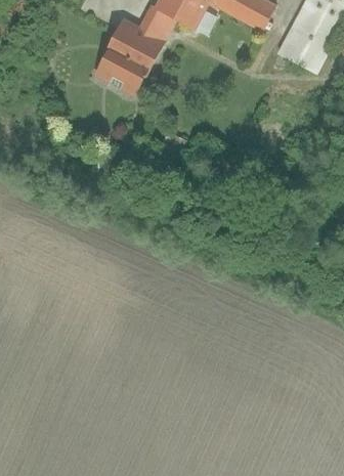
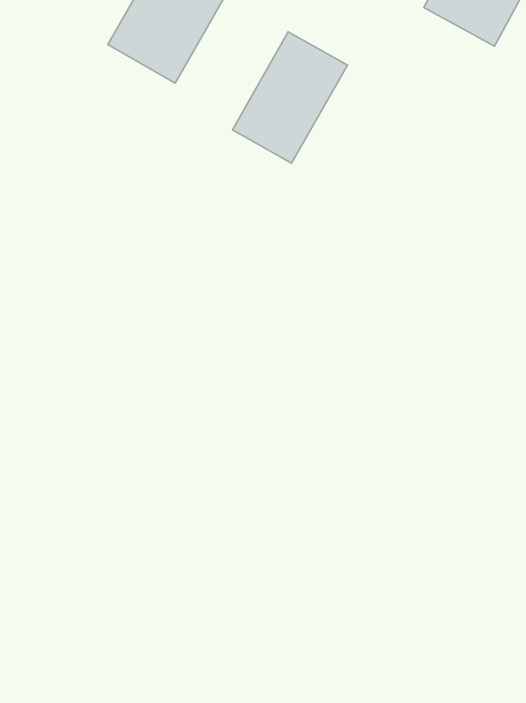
building: none -> [232,32,347,163]

